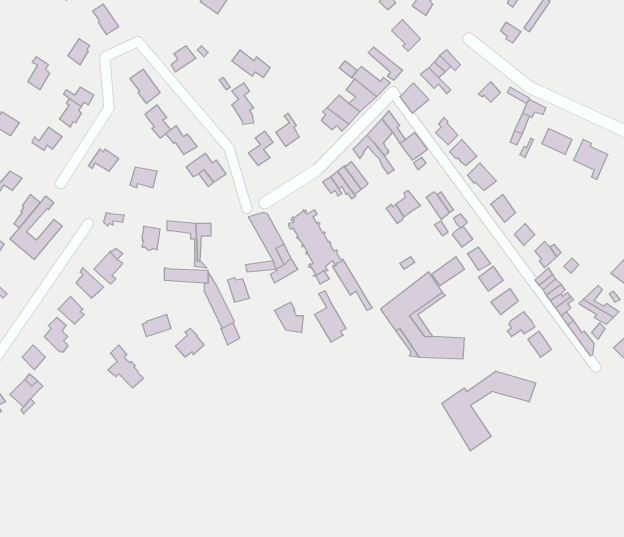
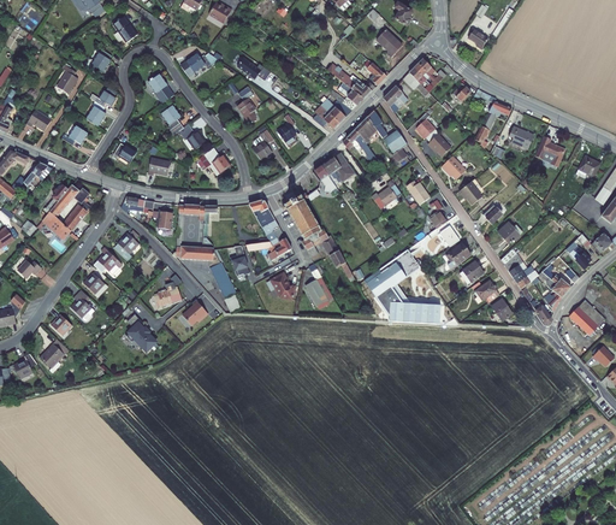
building: [442,371,536,451] -> none

